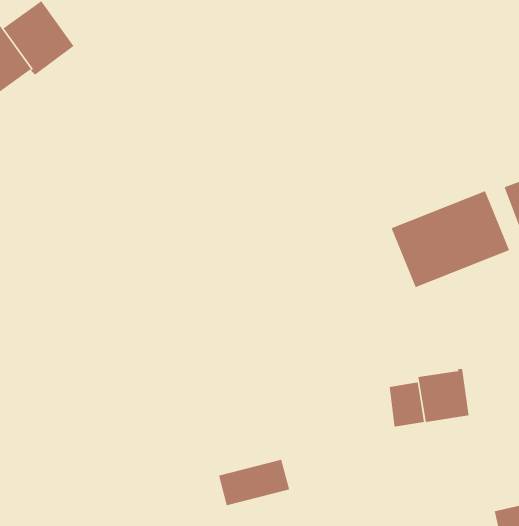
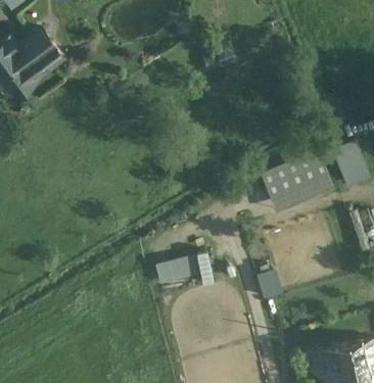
building: [418,368,470,423] -> none
building: [218,459,290,506] -> [156,255,201,285]

